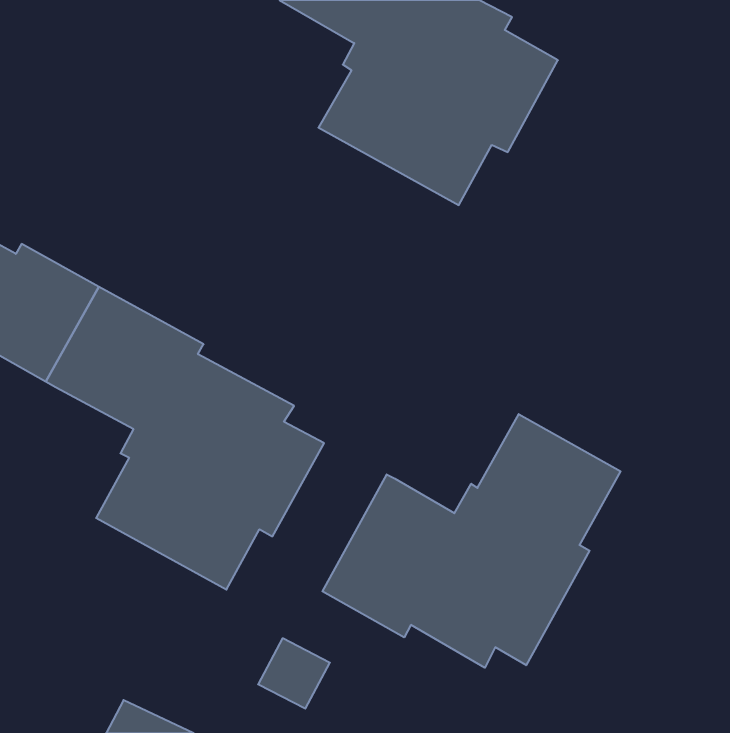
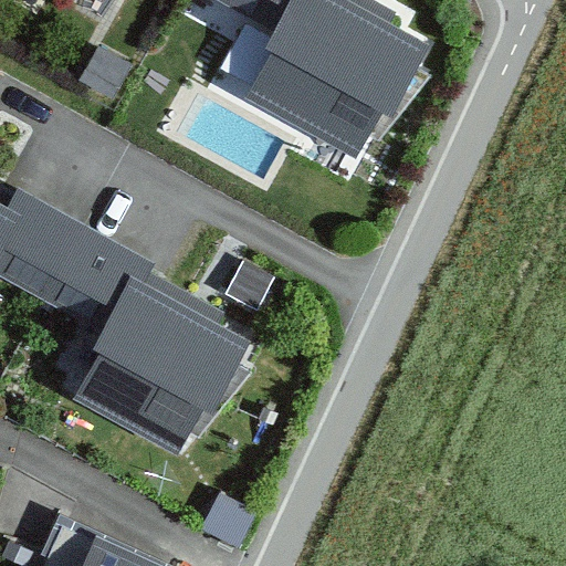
building: [322,414,621,668] -> none

